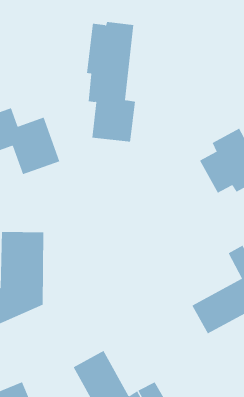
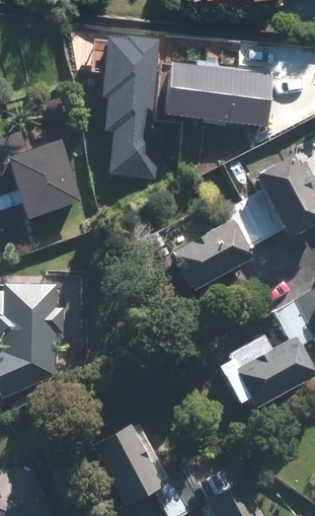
building: none -> [164,67,269,121]
building: none -> [171,199,266,292]

